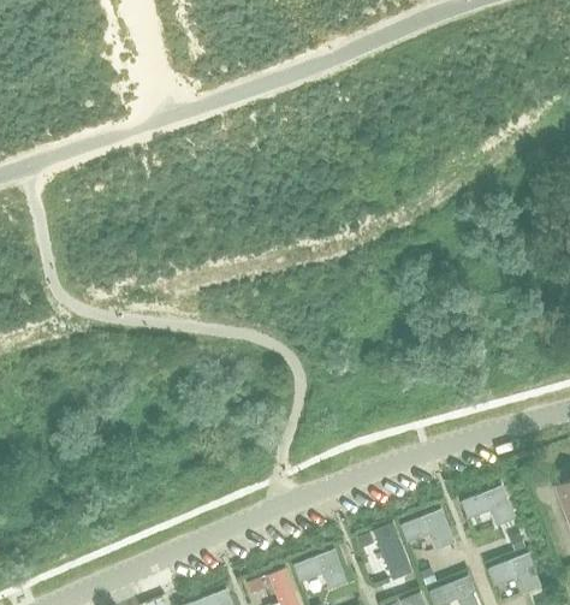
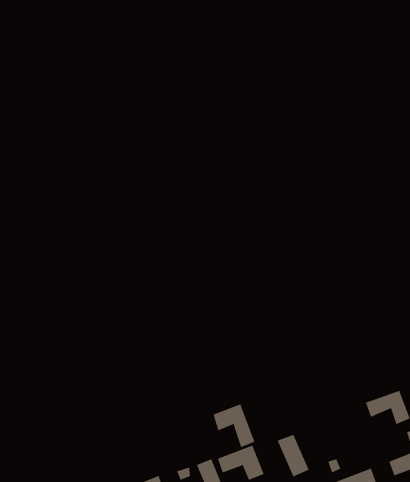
building: none -> [213,404,255,448]
building: [402,509,455,548] -> none

